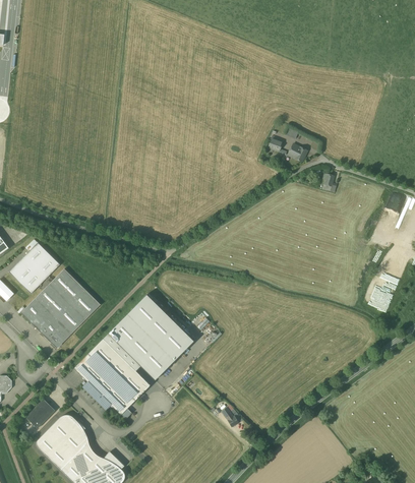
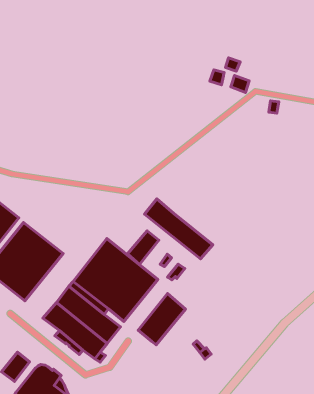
building: none -> [145,199,213,259]
building: none -> [128,231,159,265]
building: none -> [138,294,186,345]

